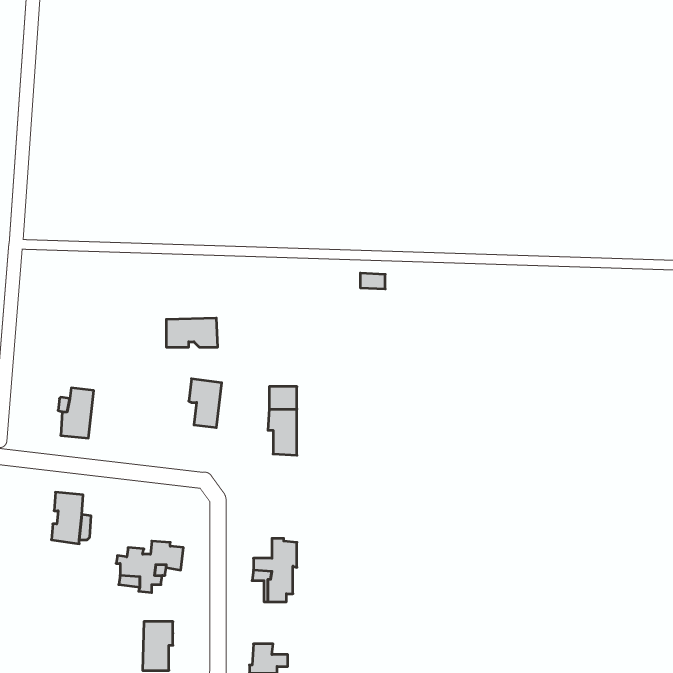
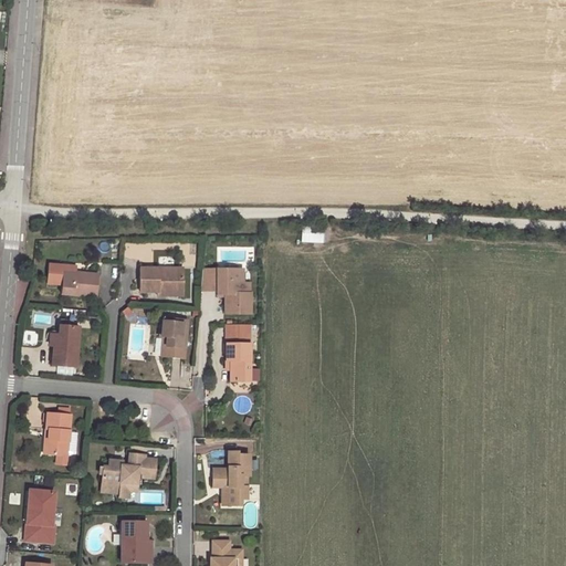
building: none -> [48,268,98,297]
building: none -> [200,268,250,311]
building: none -> [27,489,55,542]

